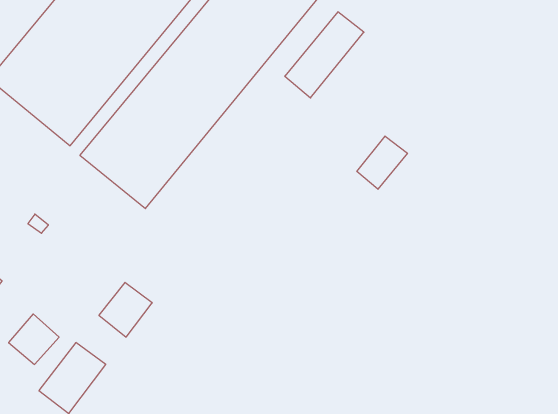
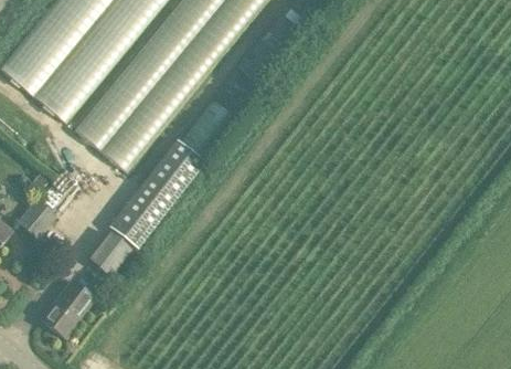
building: none -> [107,98,235,249]
building: [357,136,407,189] -> none
building: [9,314,59,364] -> [17,198,57,239]

